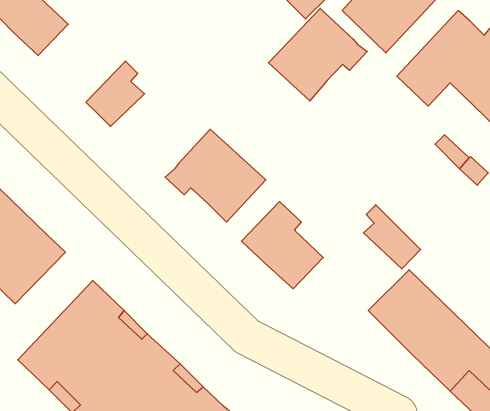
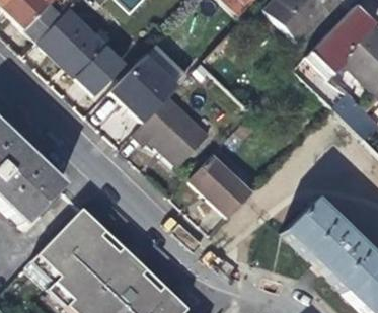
building: [268,8,367,101] -> none
building: none -> [41,12,106,78]
building: none -> [114,57,178,124]
building: [364,205,421,269] -> none

